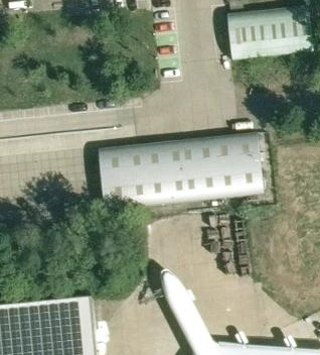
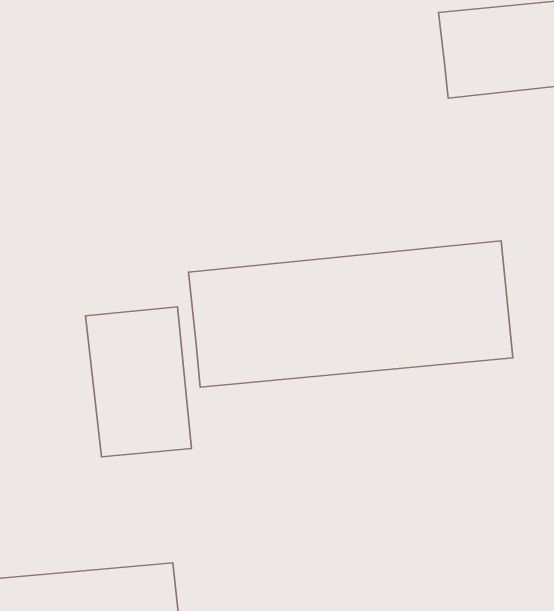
building: none -> [85,307,192,457]

